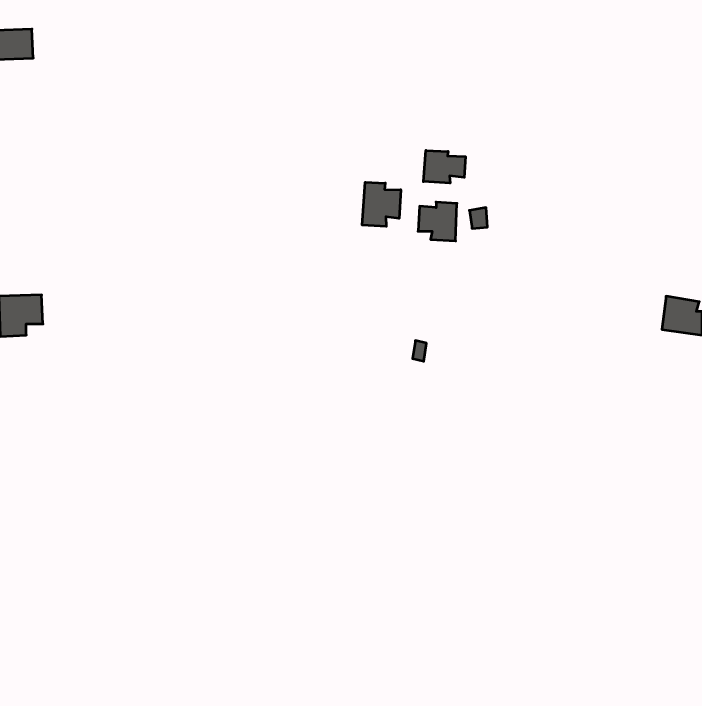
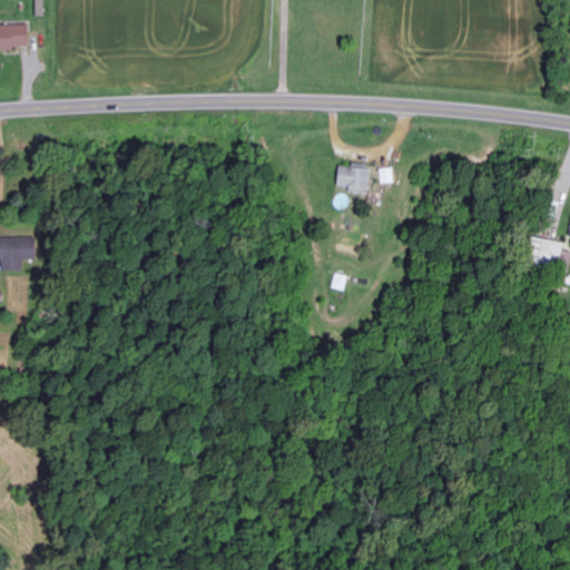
building: [423,150,465,183] -> none
building: [362,182,401,226] -> none

